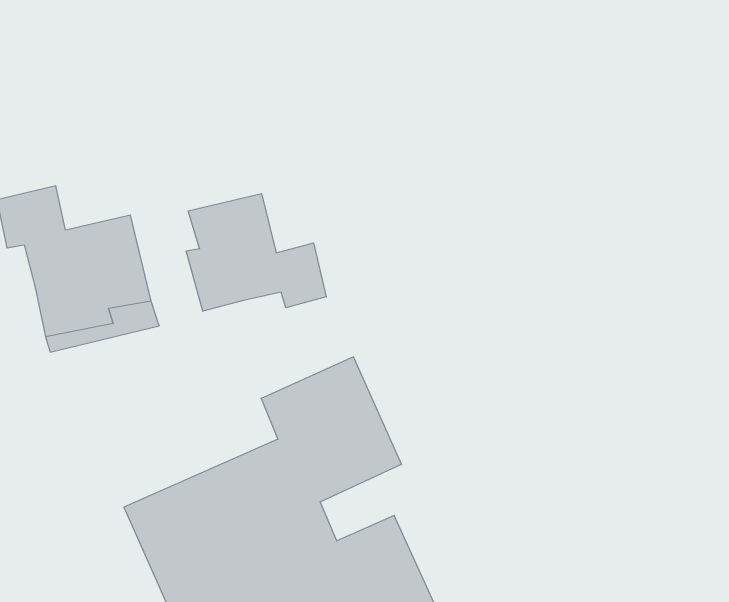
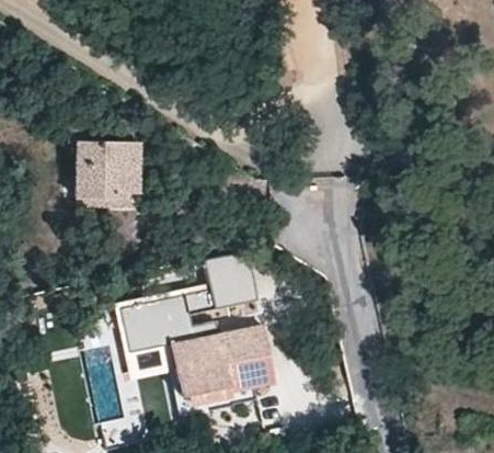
building: [186,194,326,311] -> none

